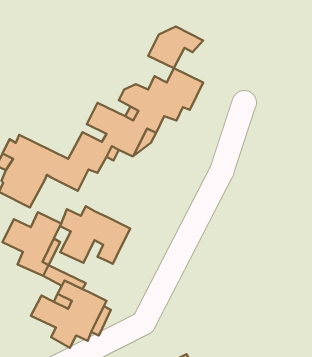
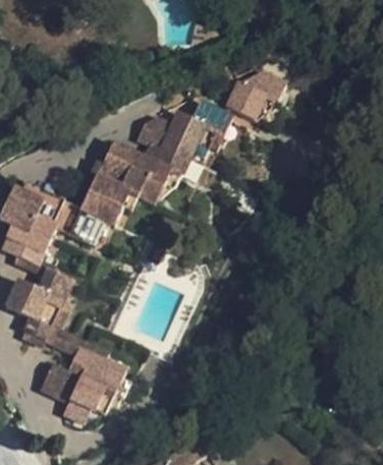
building: [148,26,203,68] -> [226,72,289,120]
building: [60,206,130,264] -> none

